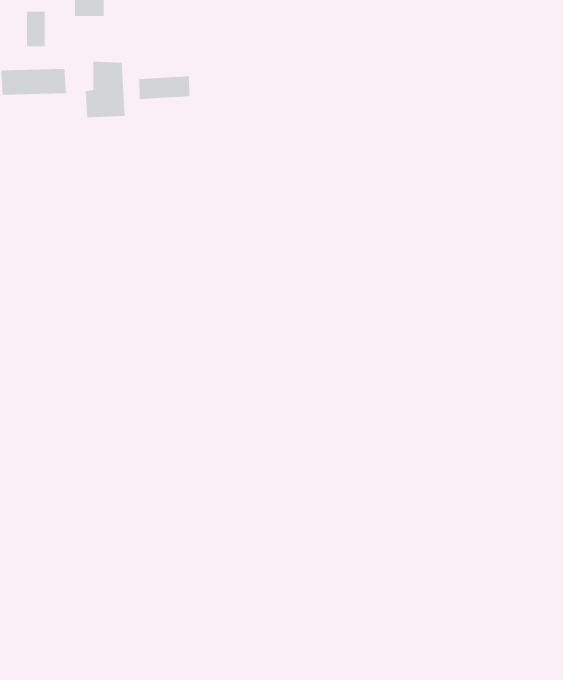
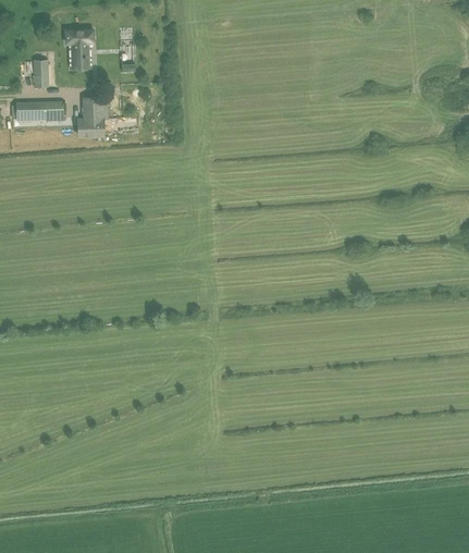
building: [138,76,190,100] -> none

